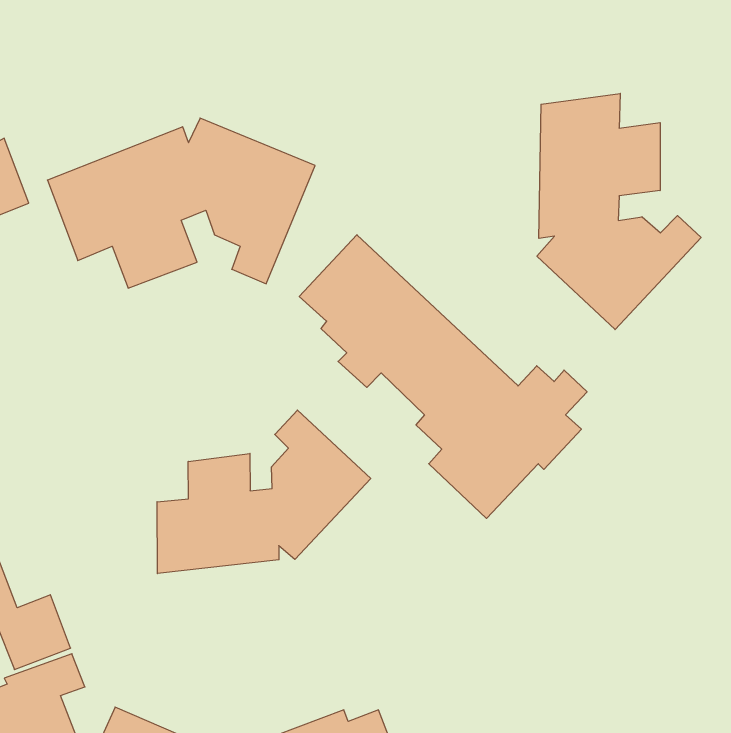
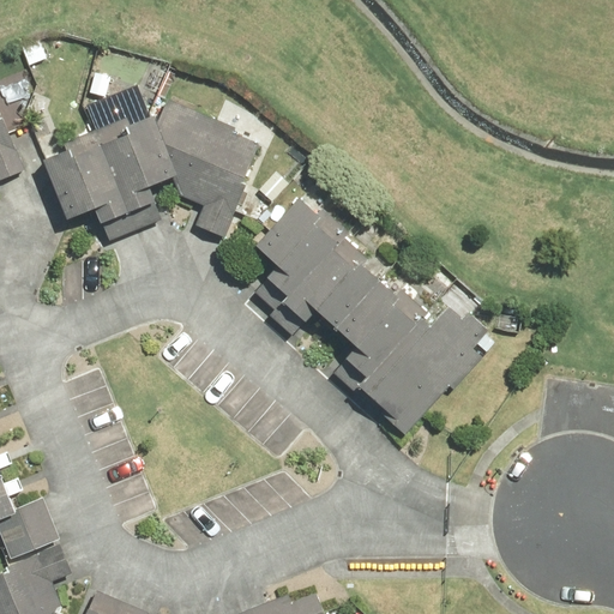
building: [537,93,701,330] -> none
building: [157,410,371,574] -> none

